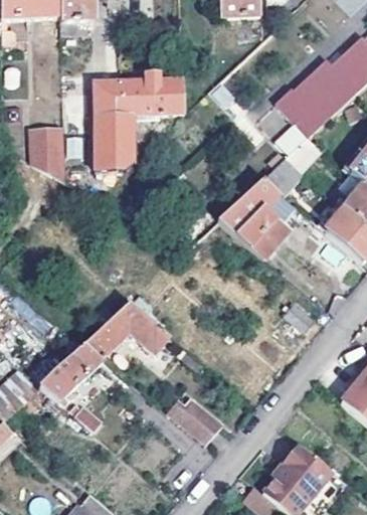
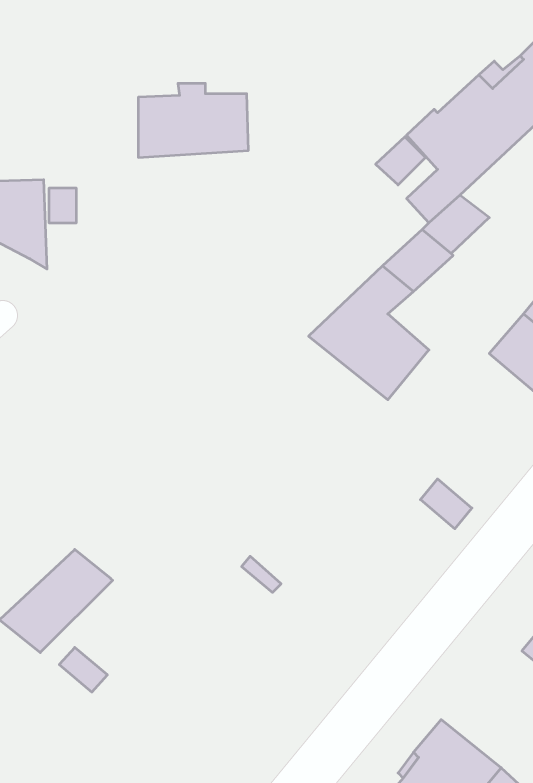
building: [93,79,119,170] -> none
building: [81,302,173,361] -> none
building: [166,392,221,445] -> none

